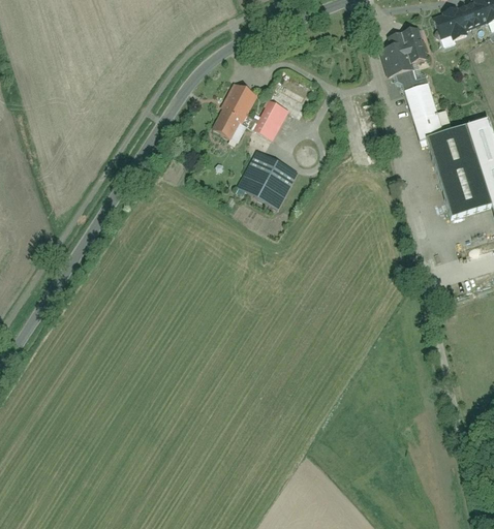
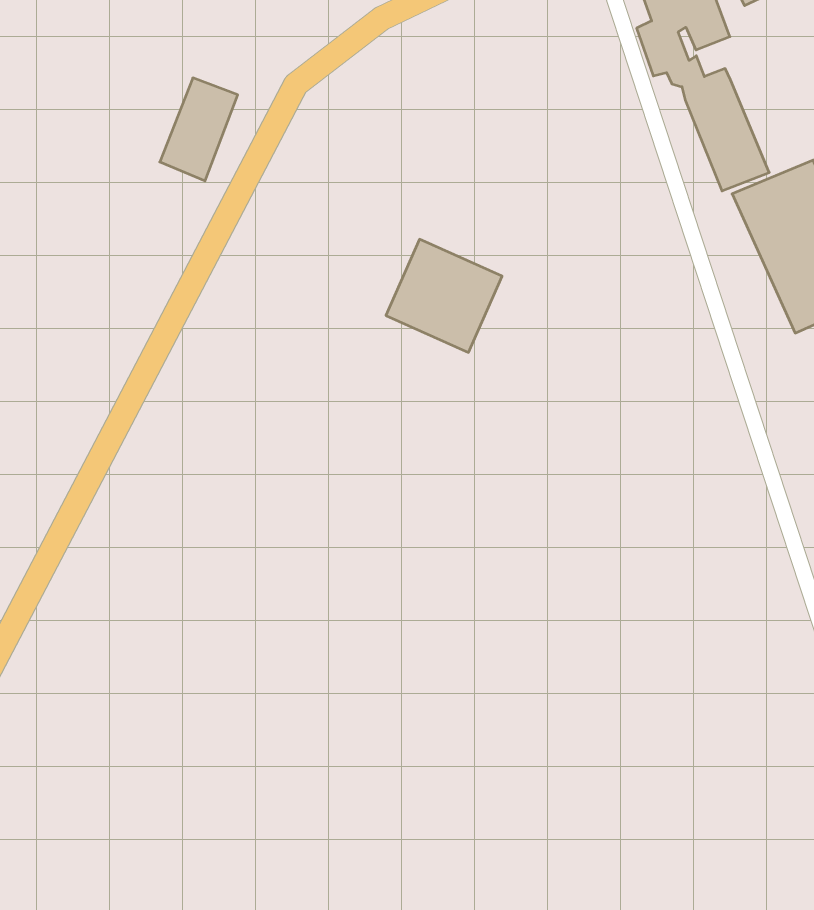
building: [212,83,256,137] -> [160,78,238,181]
building: [253,99,288,137] -> none

